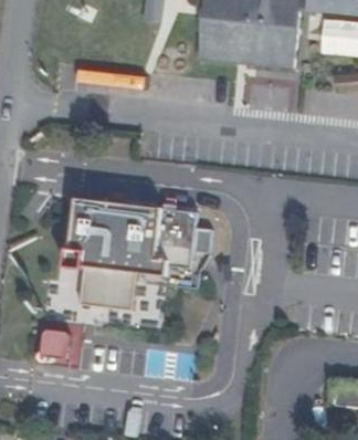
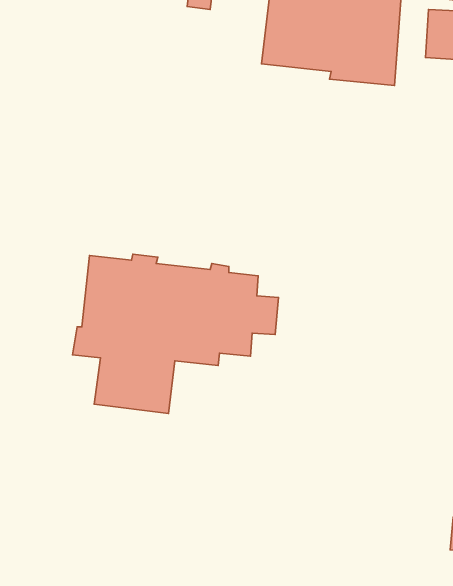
building: [36,332,70,366] -> none

